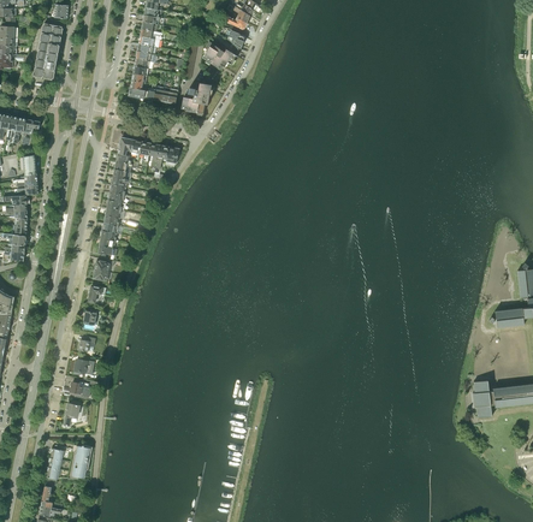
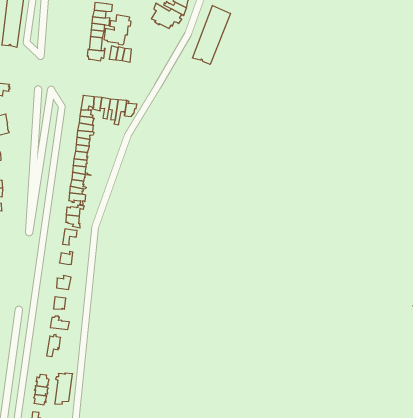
building: none -> [193,5,230,64]
building: [180,82,212,115] -> [104,15,131,45]

